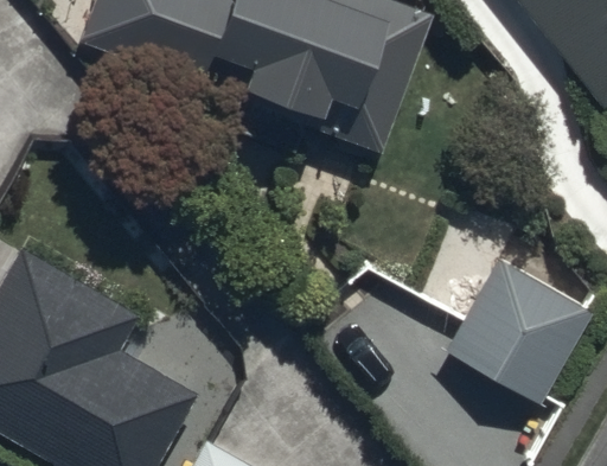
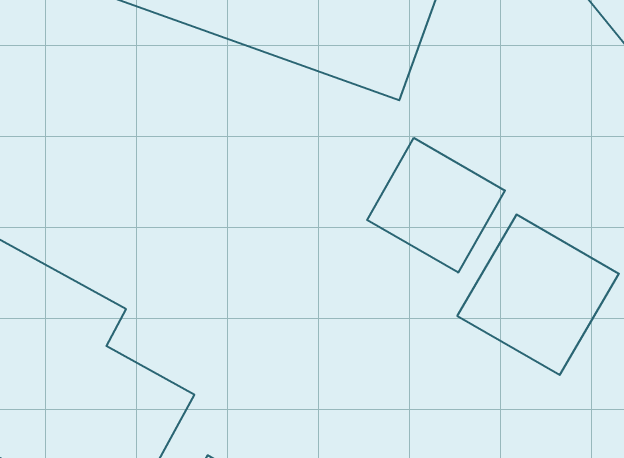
building: none -> [367,138,505,273]

